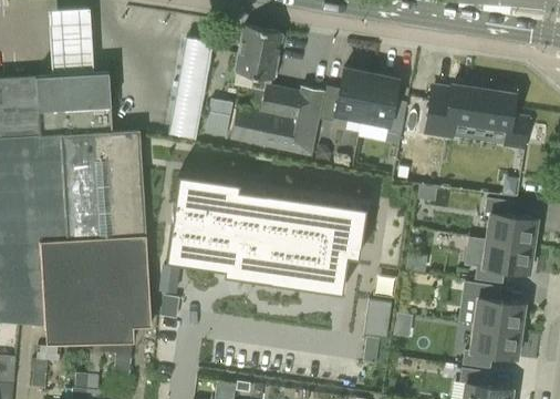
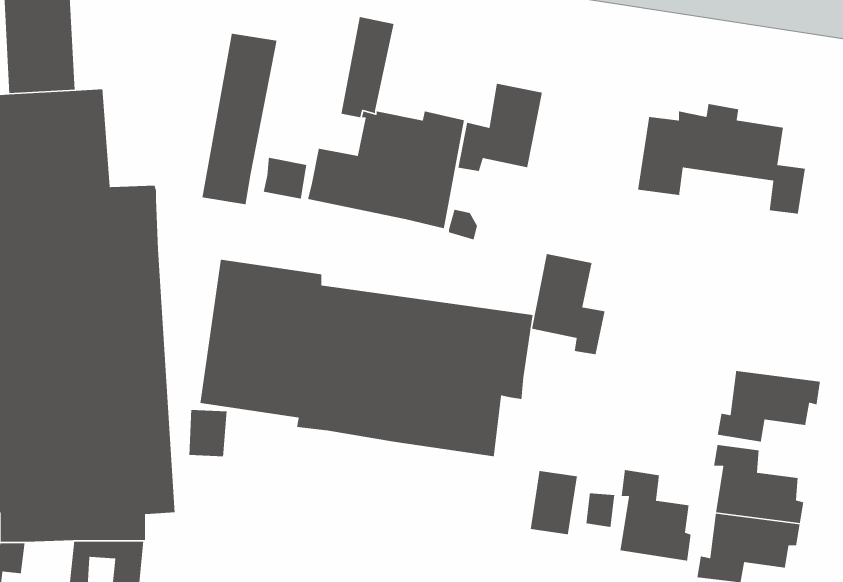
building: [235,25,261,88] -> none
building: [362,74,406,135] -> [531,253,605,355]
building: [485,200,539,247] -> none
building: none -> [620,469,691,562]

